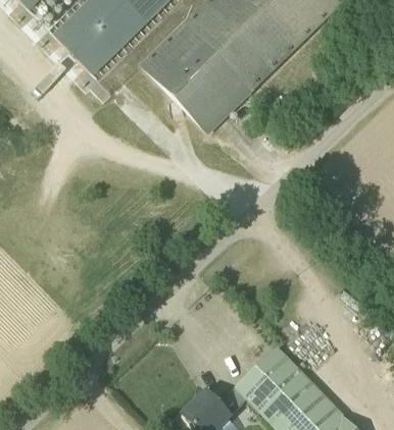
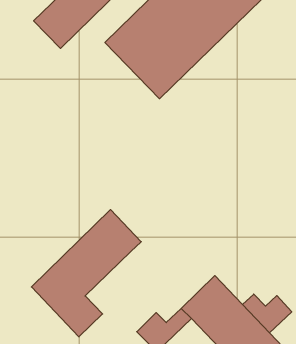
building: none -> [31,210,141,337]
building: none -> [243,294,292,333]

